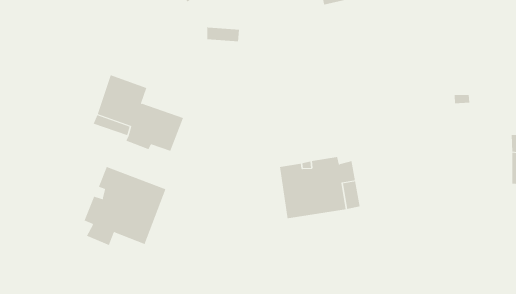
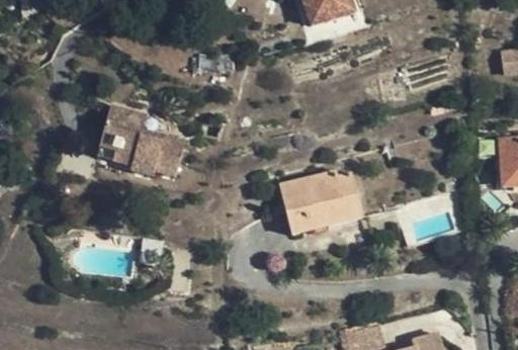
building: [84,166,166,246] -> none

